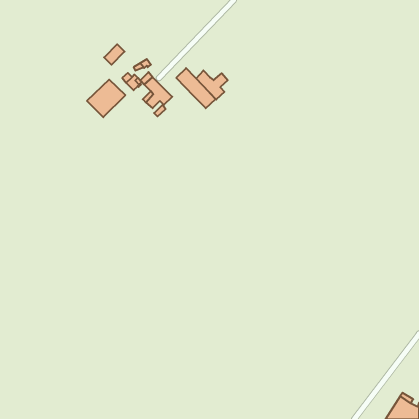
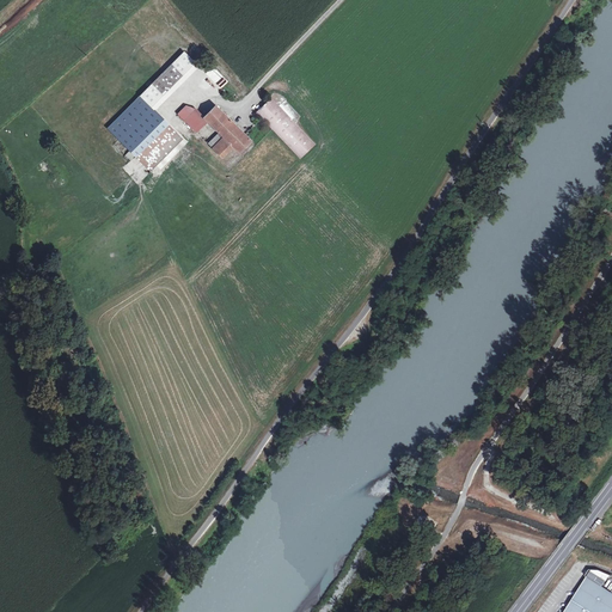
building: none -> [108,97,159,147]
building: [196,70,228,100] -> none

